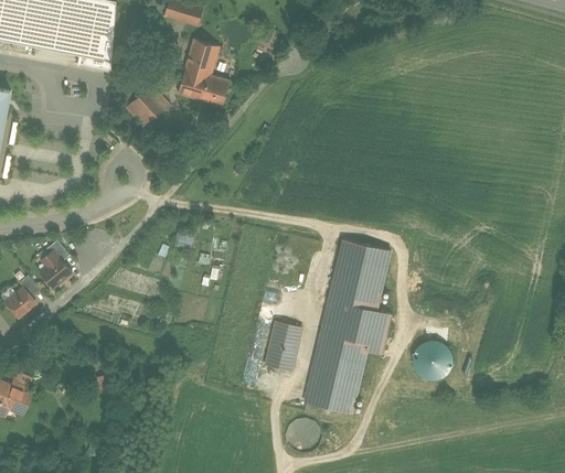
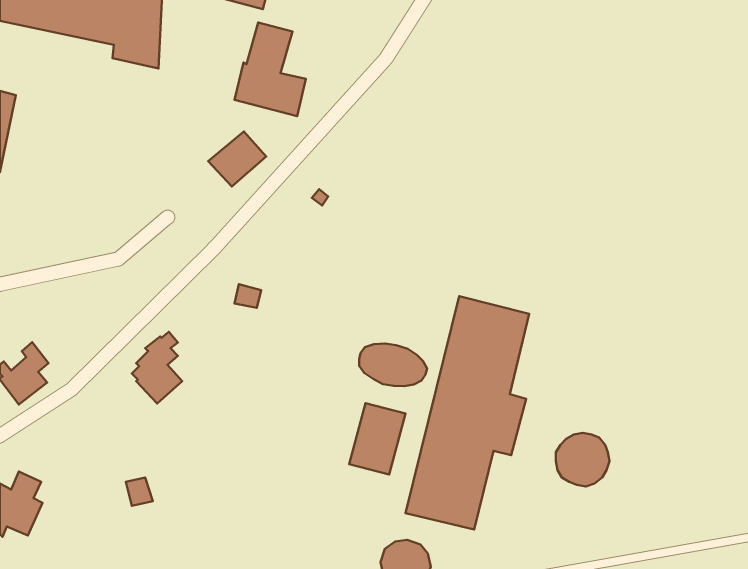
building: [126,86,169,127] -> [208,131,266,186]
building: [34,236,72,289] -> [132,332,182,403]
building: none -> [359,343,427,386]

